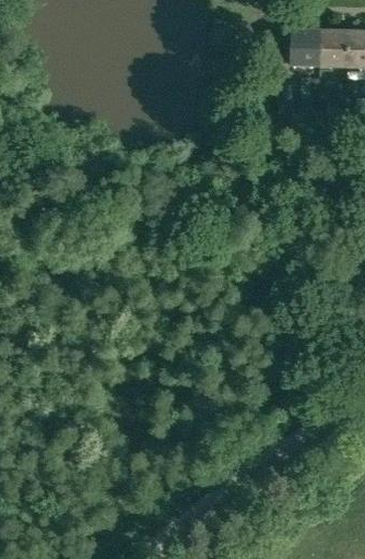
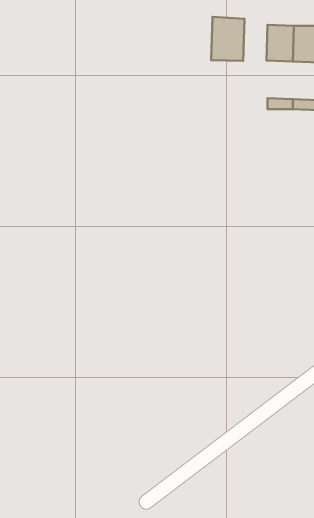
building: none -> [211,17,244,61]

